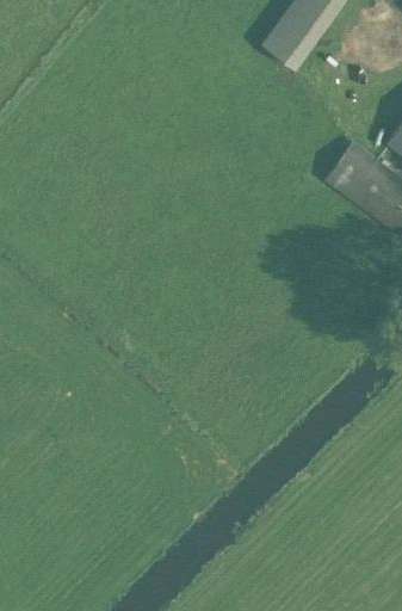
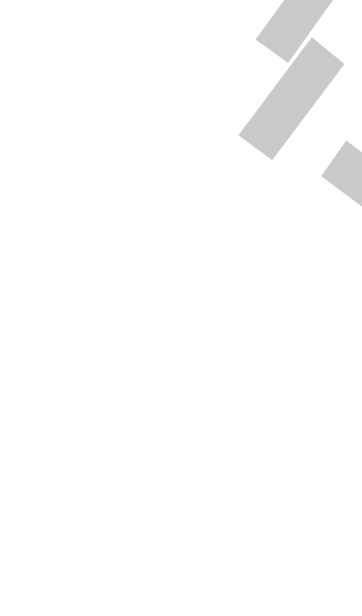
building: none -> [238,36,345,161]

